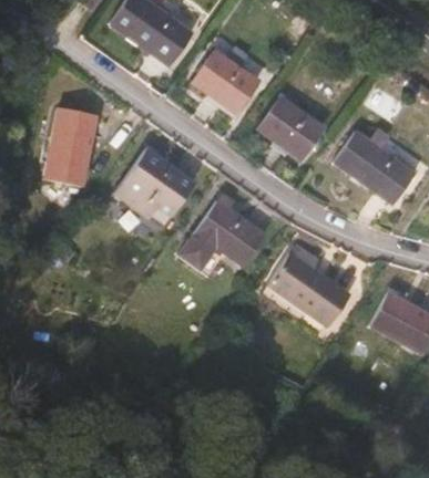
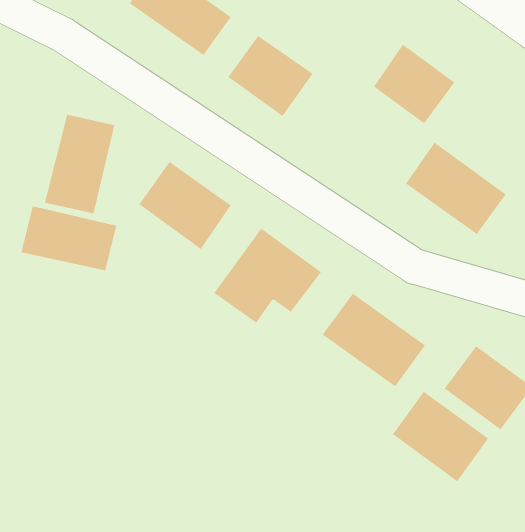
building: [259,93,325,157] -> [373,44,455,124]
building: none -> [21,205,117,271]
building: none -> [392,391,489,482]

